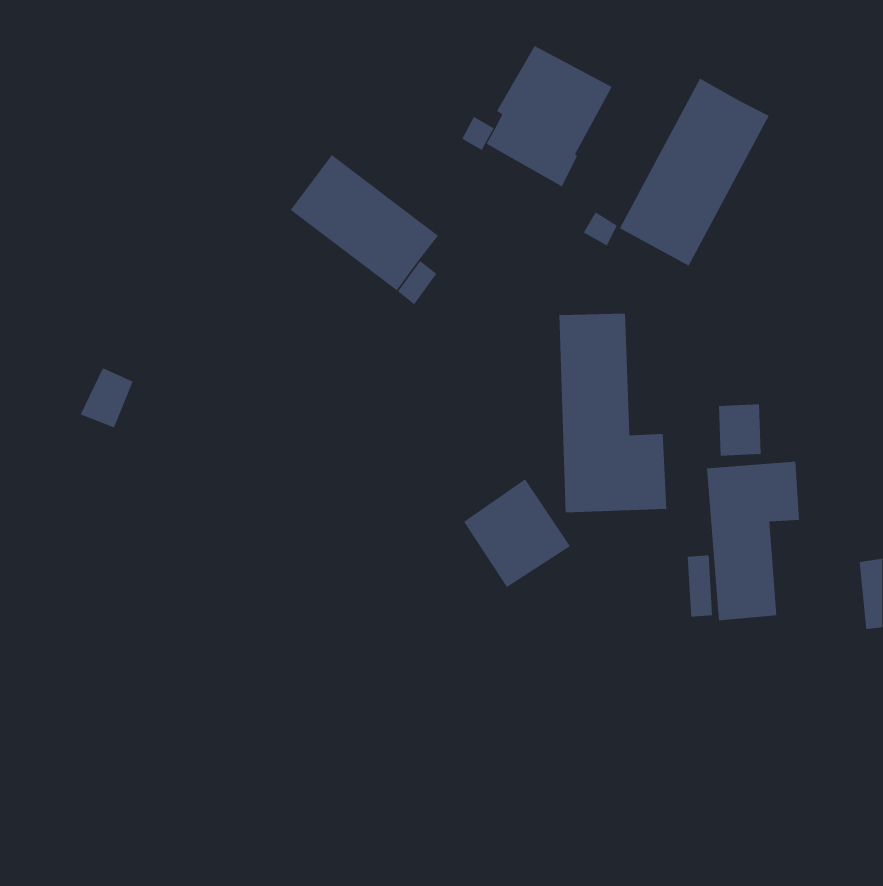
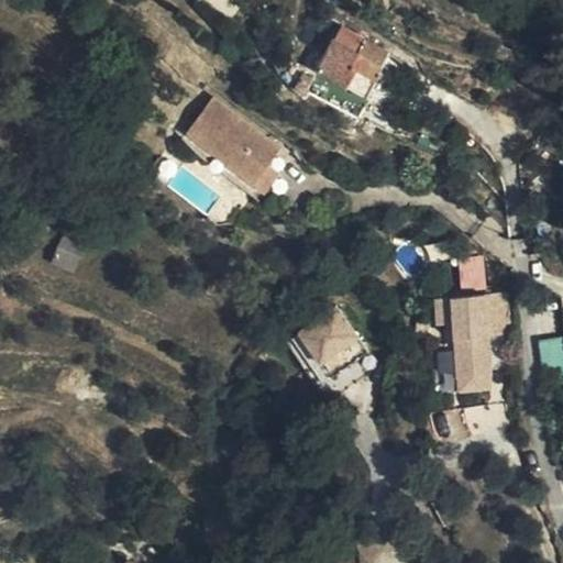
building: [619,78,770,266] -> none
building: [559,313,667,513] -> none

